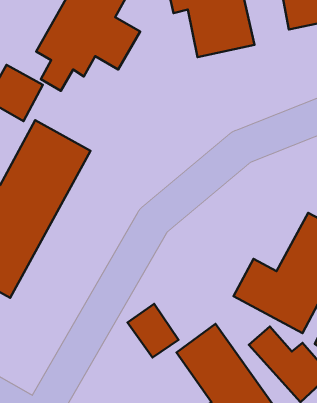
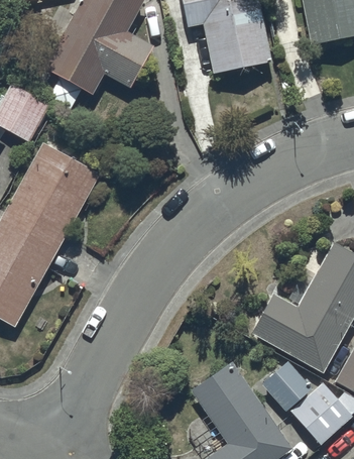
building: [128,304,178,358] -> none

